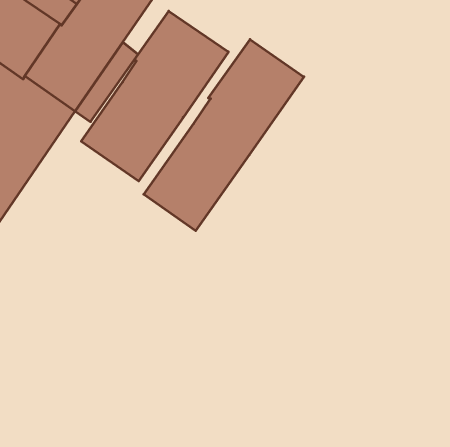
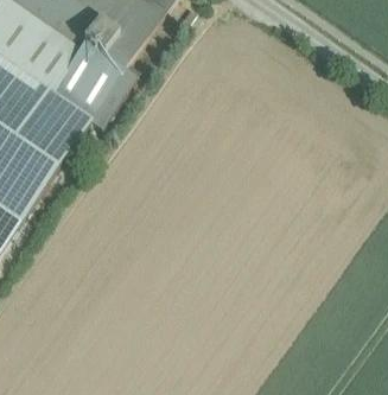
building: [81,11,228,181] -> none
building: [144,39,304,231] -> none

